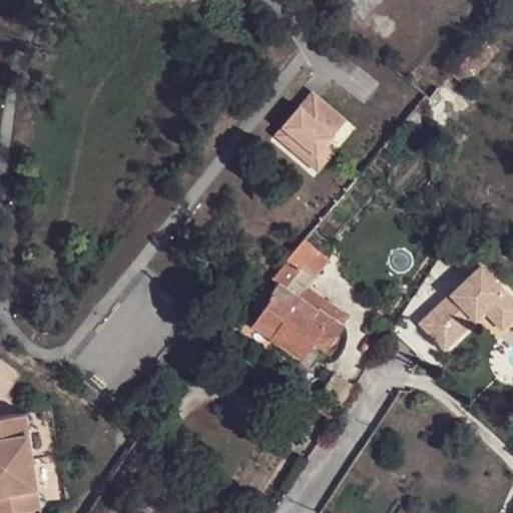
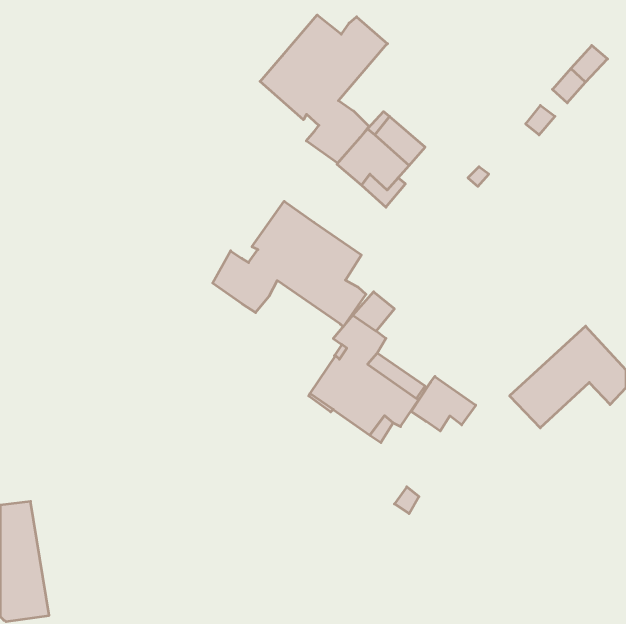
building: none -> [260,15,388,163]
building: none -> [213,201,366,327]
building: none -> [411,376,476,431]

